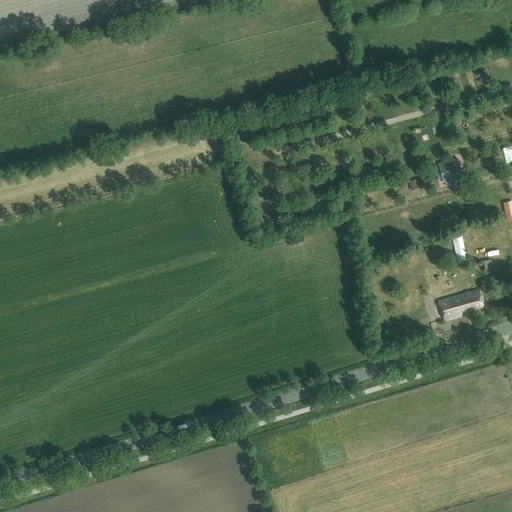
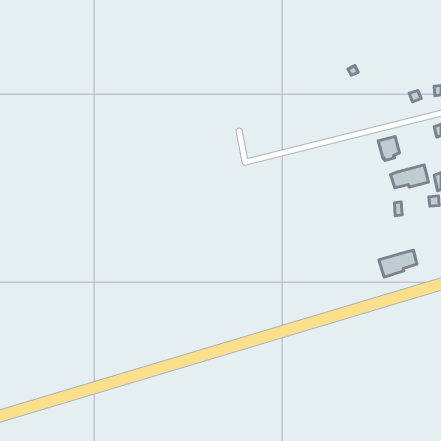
building: none -> [391,165,429,188]

